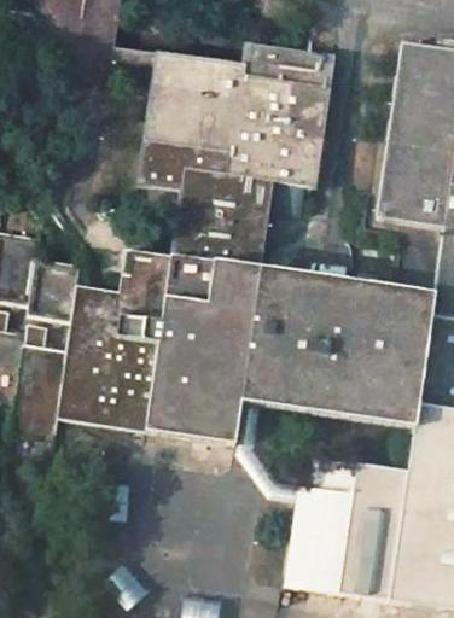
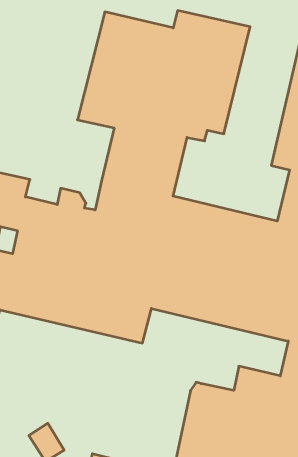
building: [121,247,170,290] -> none
building: [314,461,359,496] -> none

